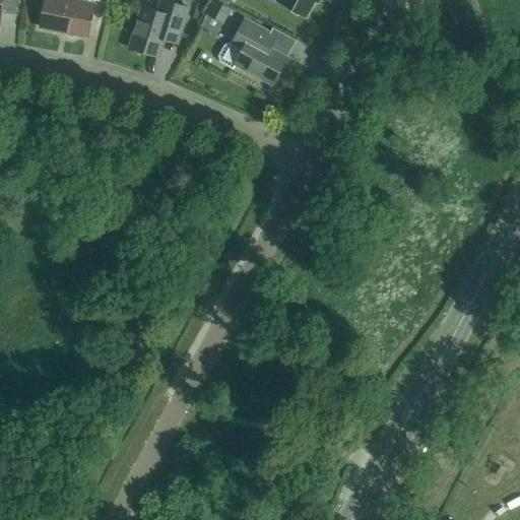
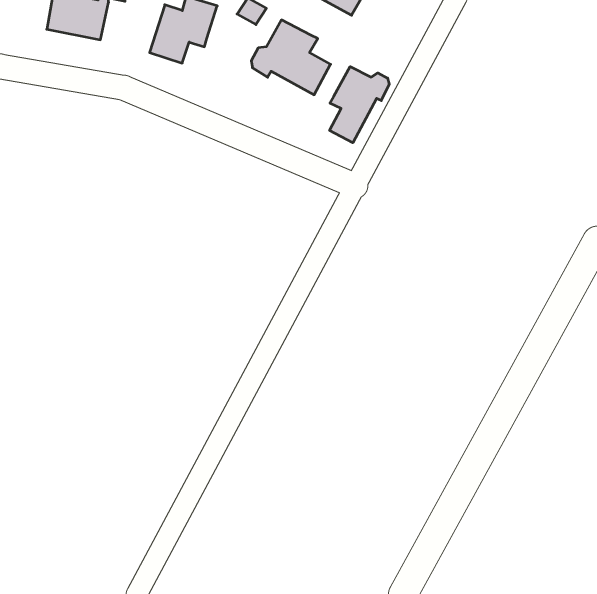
building: none -> [330,67,389,143]

